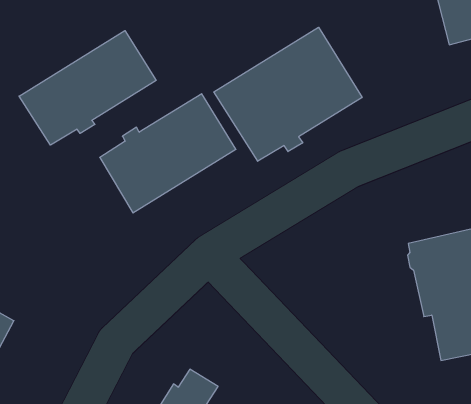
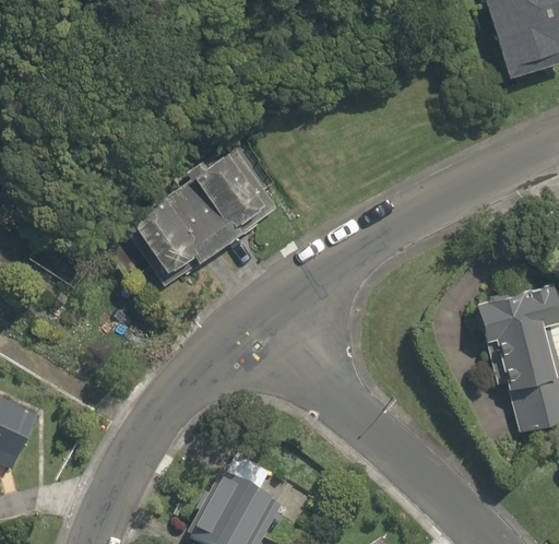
building: [214,27,362,161] -> none
building: [19,31,156,145] -> none

